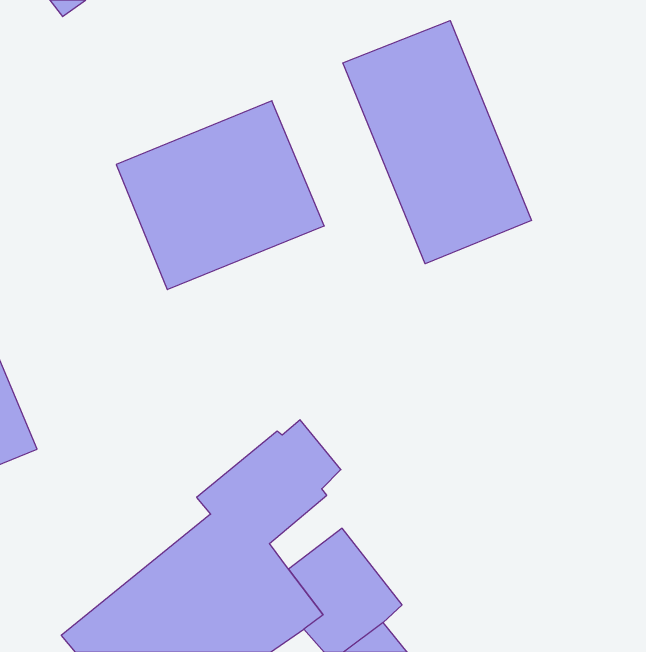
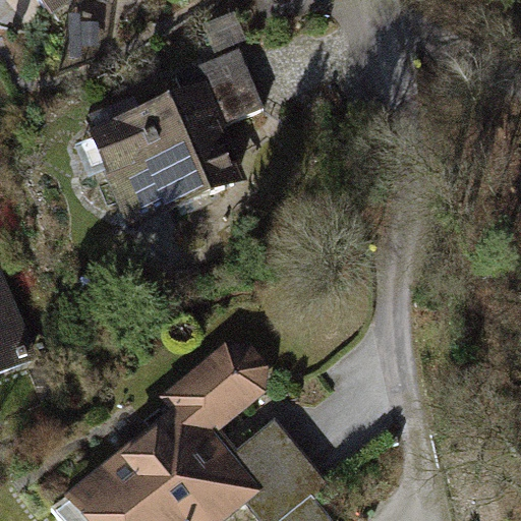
building: [343,21,532,264] -> none

